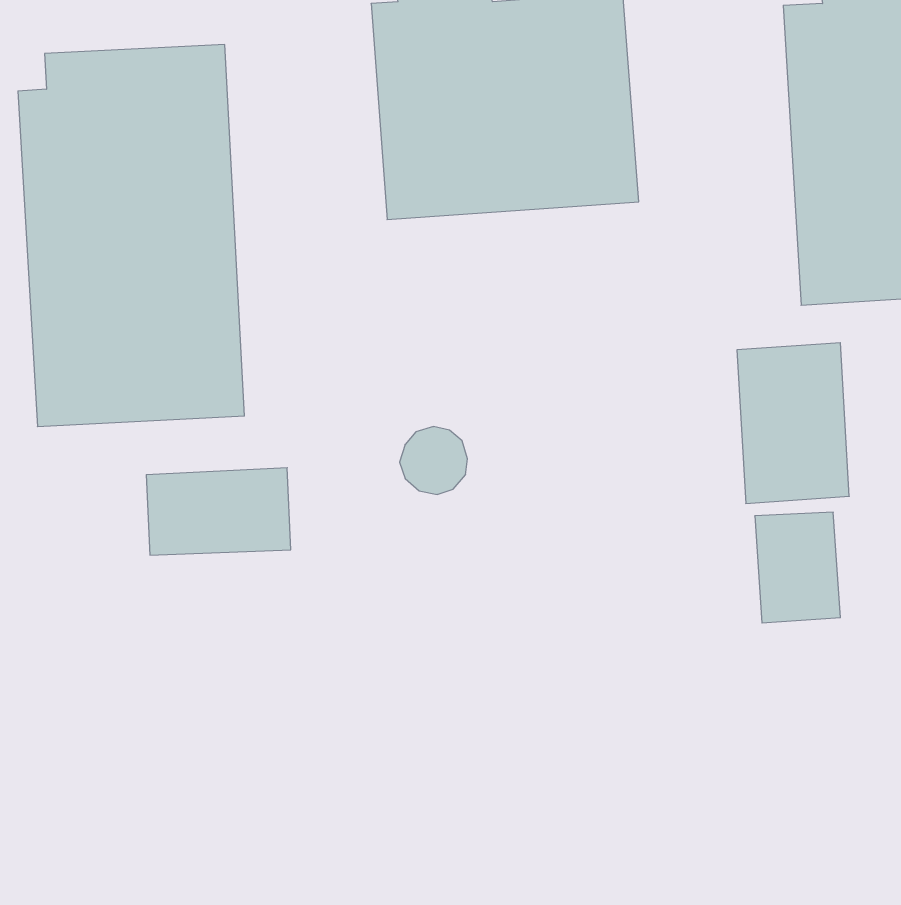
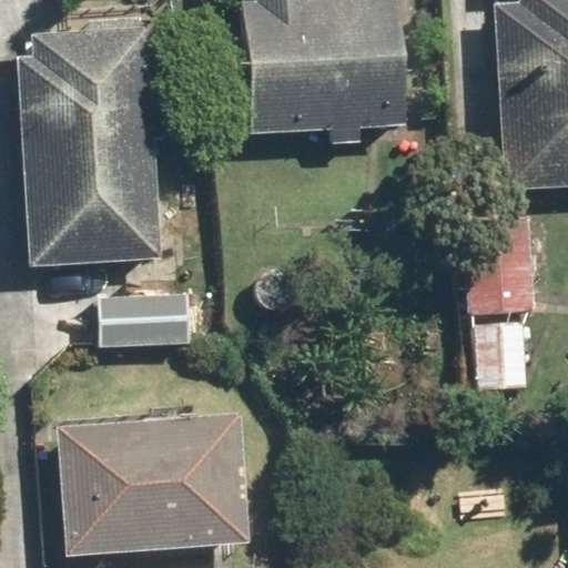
building: none -> [57,413,248,557]

